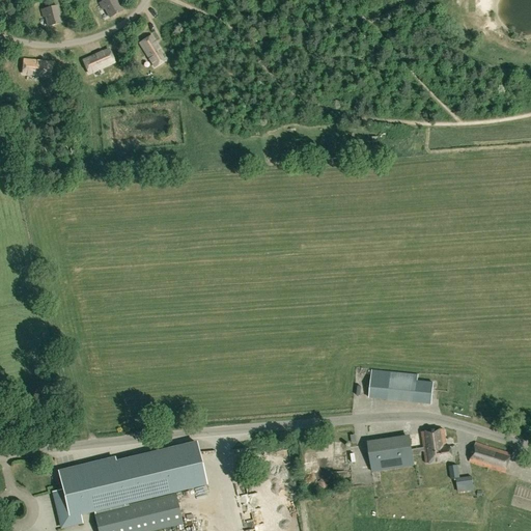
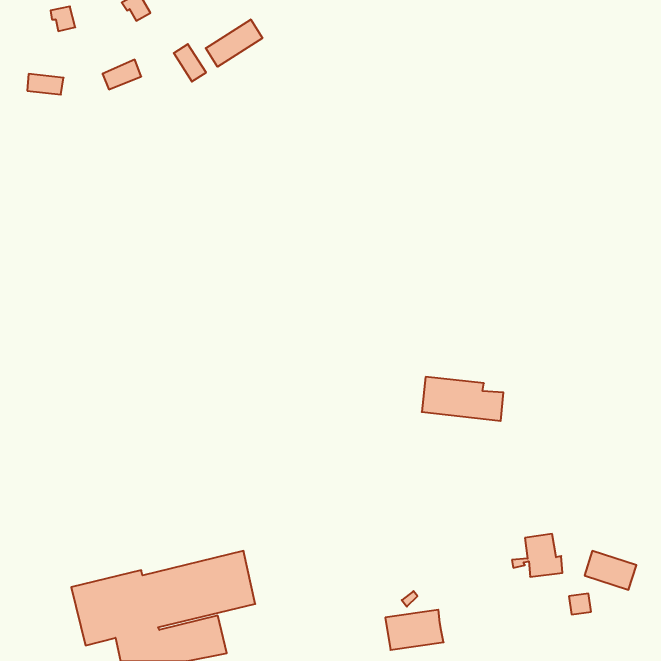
building: none -> [206,19,262,67]
building: [367,368,432,403] -> [422,377,503,421]
building: [366,438,413,470] -> [385,610,444,650]

